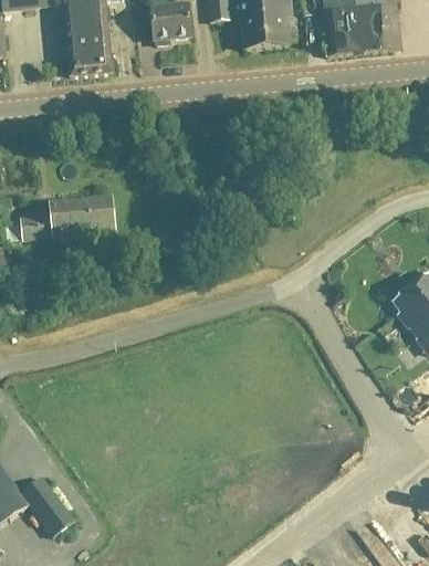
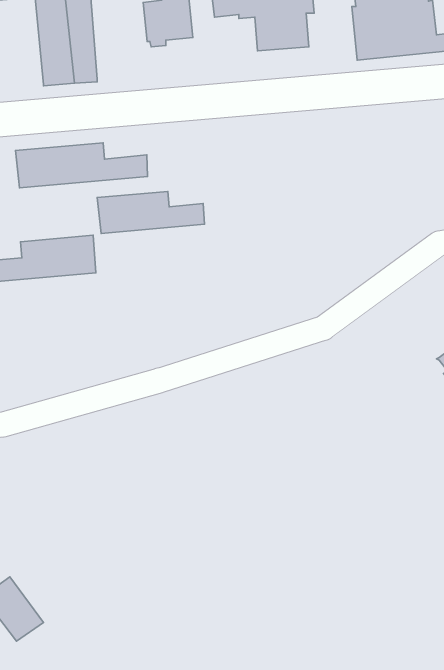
building: none -> [15,143,148,188]
building: none -> [97,191,204,233]

